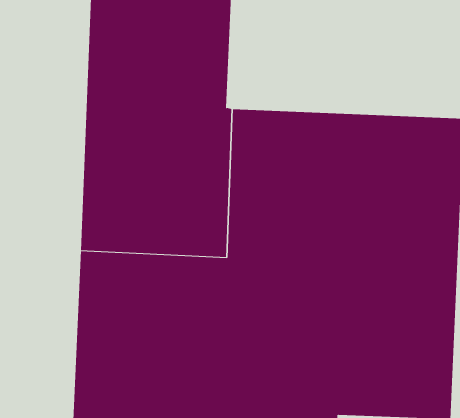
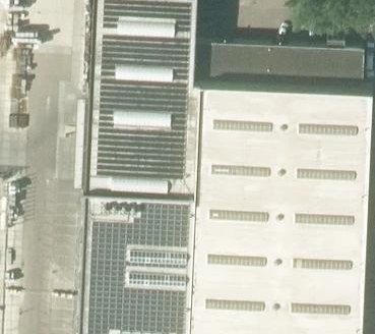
building: none -> [196,45,364,87]

